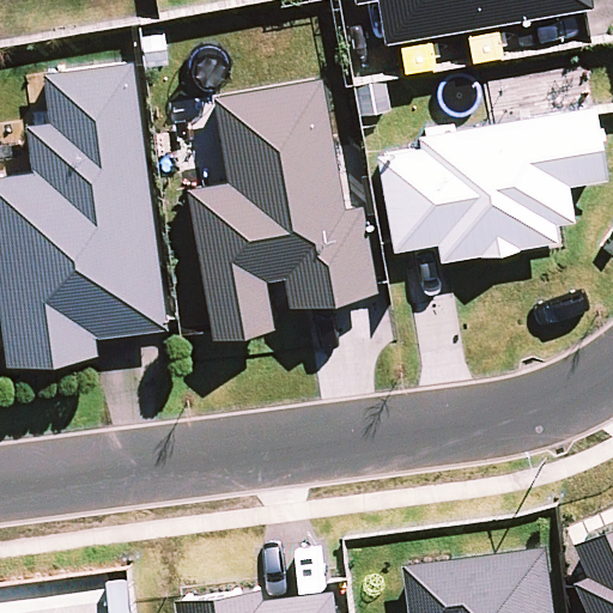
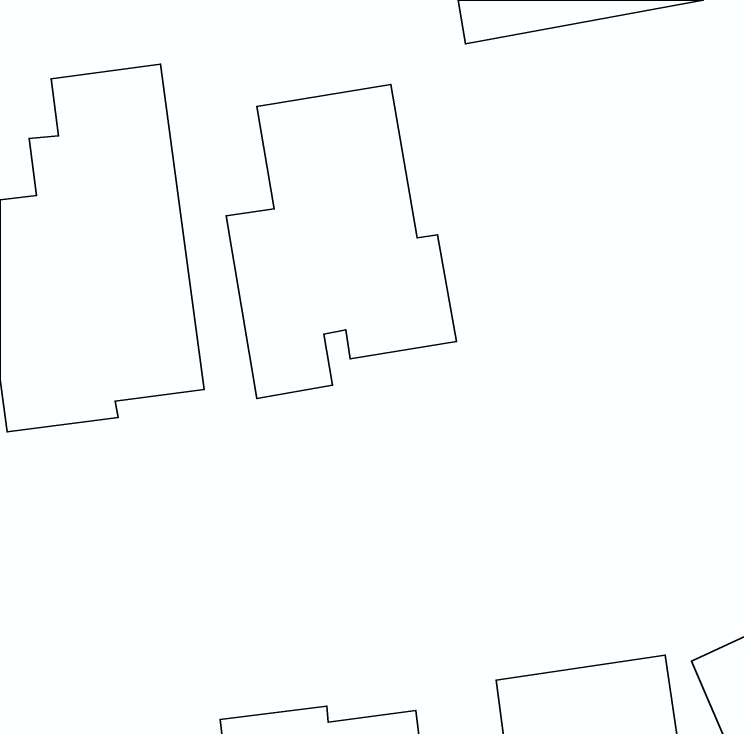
building: [374,108,607,262] -> none

